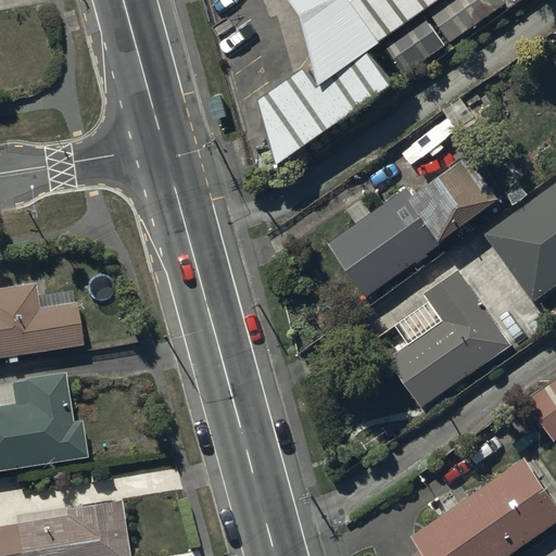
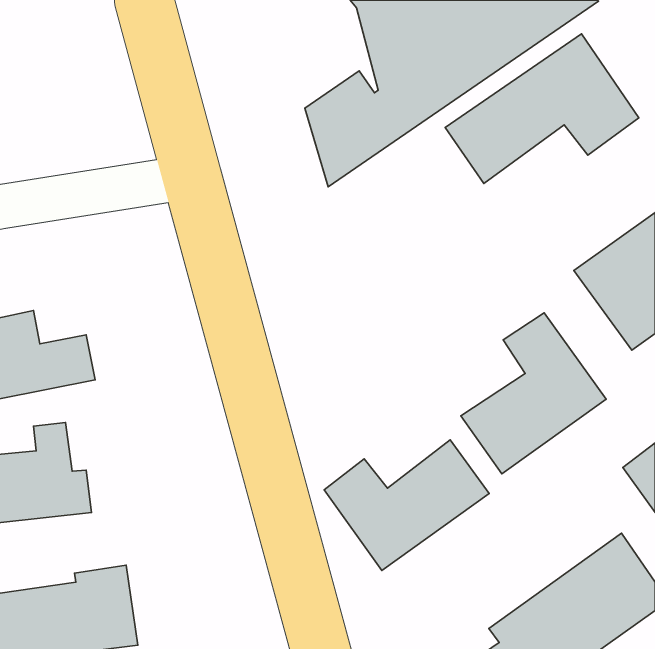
building: none -> [445,34,639,184]
building: [328,159,495,300] -> none
building: none -> [324,440,489,570]

